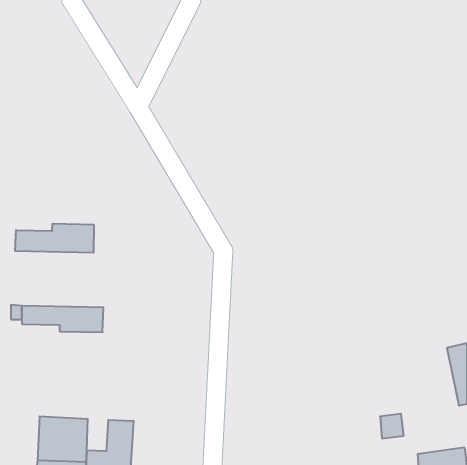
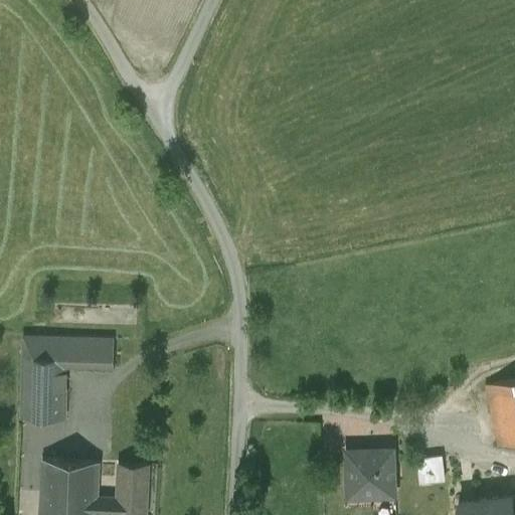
building: [15,224,94,253] -> none
building: none -> [22,359,65,421]
building: none -> [346,452,393,498]

